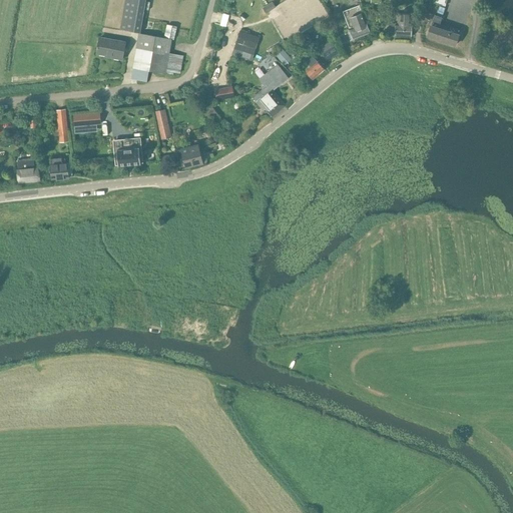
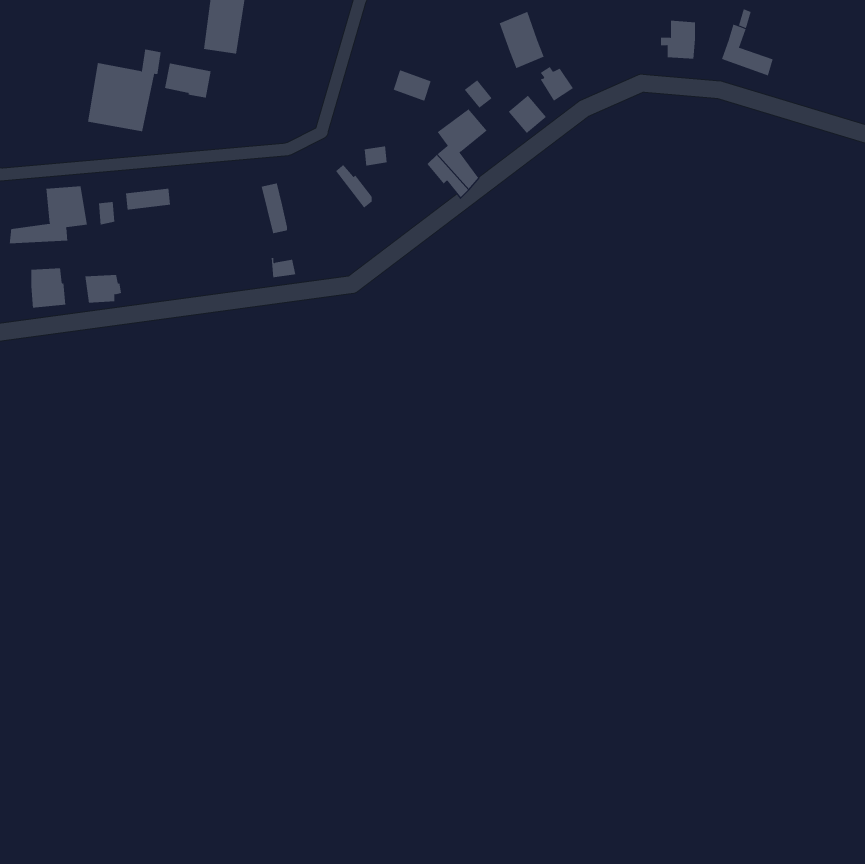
building: [343,4,370,38] -> [499,11,545,69]
building: [132,24,176,73] -> [87,49,162,132]
building: none -> [9,186,87,244]
building: [177,144,201,167] -> none
building: [116,147,140,165] -> none

